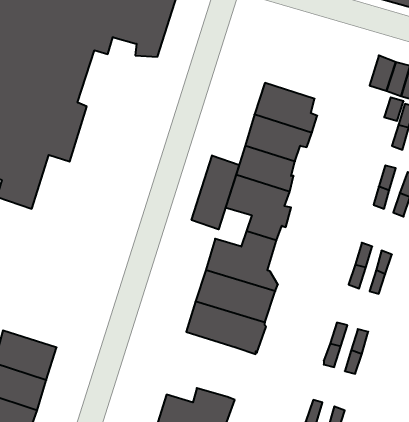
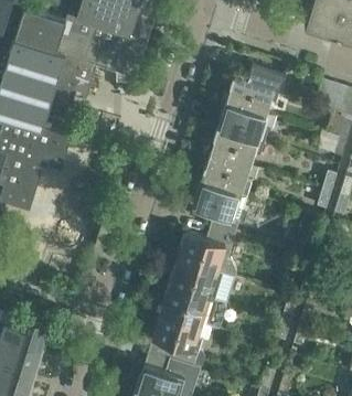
building: none -> [225,65,284,116]
building: [192,155,239,229] -> none
building: none -> [151,312,204,370]

